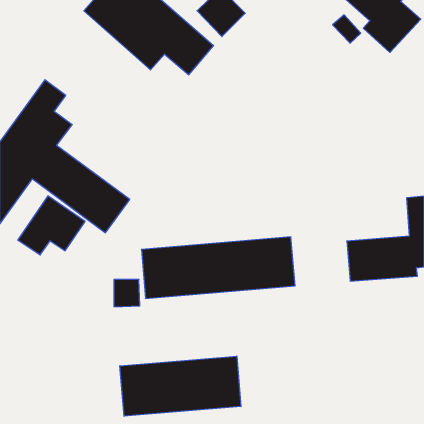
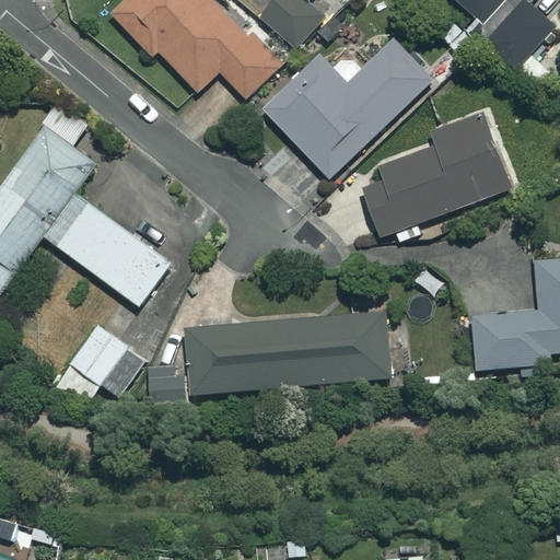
building: none -> [264,40,431,177]
building: none -> [361,114,511,237]
building: [18,196,85,255] -> [58,325,147,402]
building: [120,356,241,416] -> none

